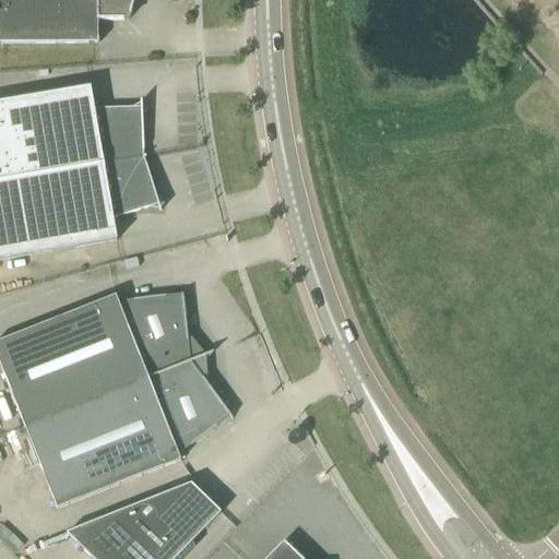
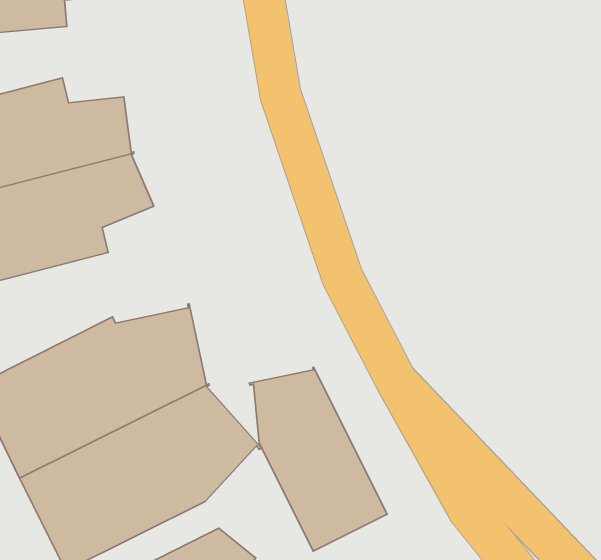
building: none -> [249,367,387,551]

